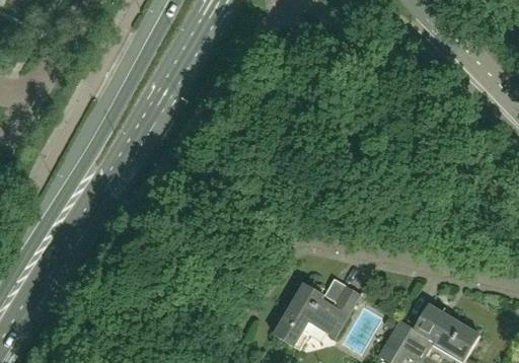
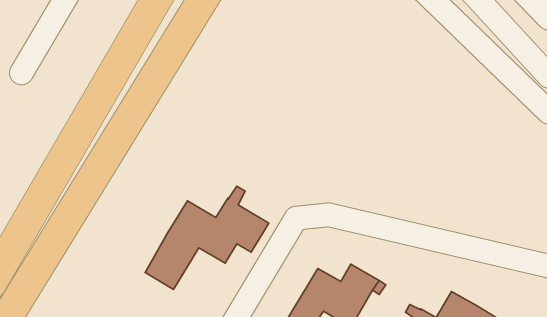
building: none -> [145,186,269,289]

